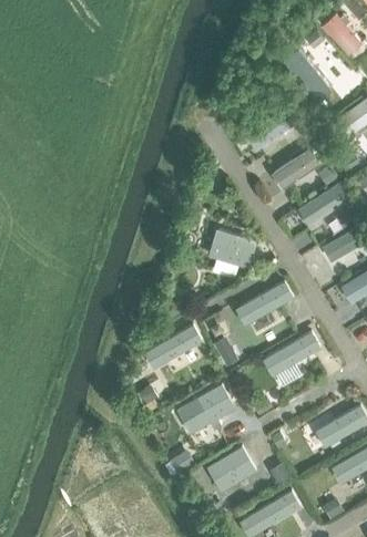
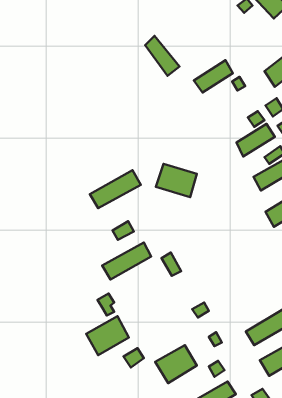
building: [284,52,325,100] -> [145,36,180,76]
building: [272,146,323,188] -> none
building: [234,280,295,326] -> [90,170,141,208]
building: [262,331,322,376] -> none
building: [184,384,235,431] -> [86,316,129,355]

